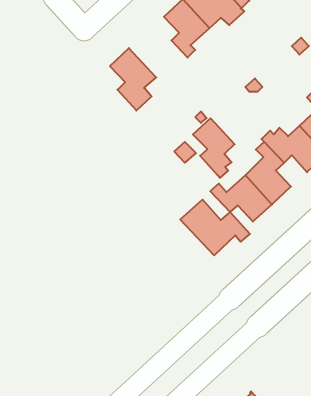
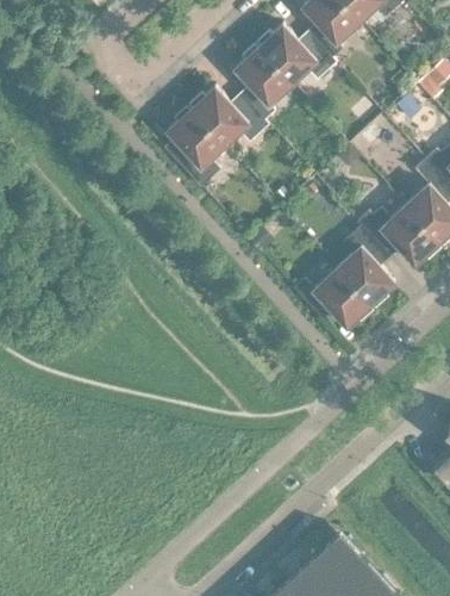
building: none -> [190,87,268,145]
building: [193,118,235,178] -> none
building: [180,200,250,255] -> none

